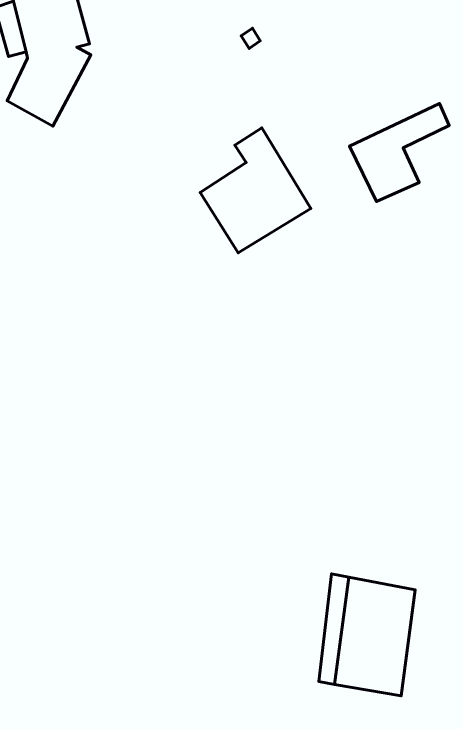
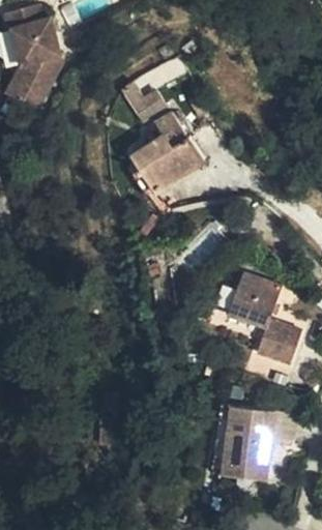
building: [349,103,449,202] -> [119,57,184,121]
building: none -> [229,271,301,365]

